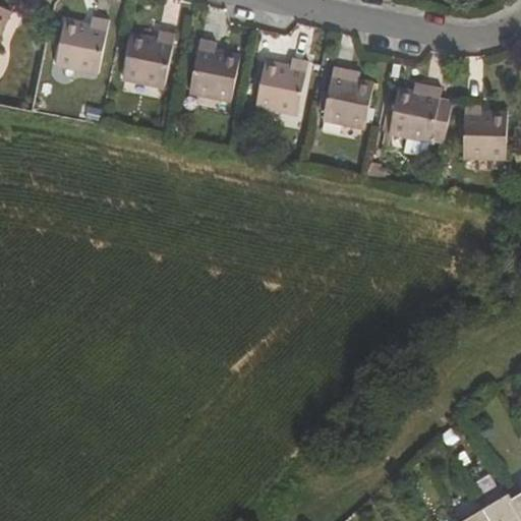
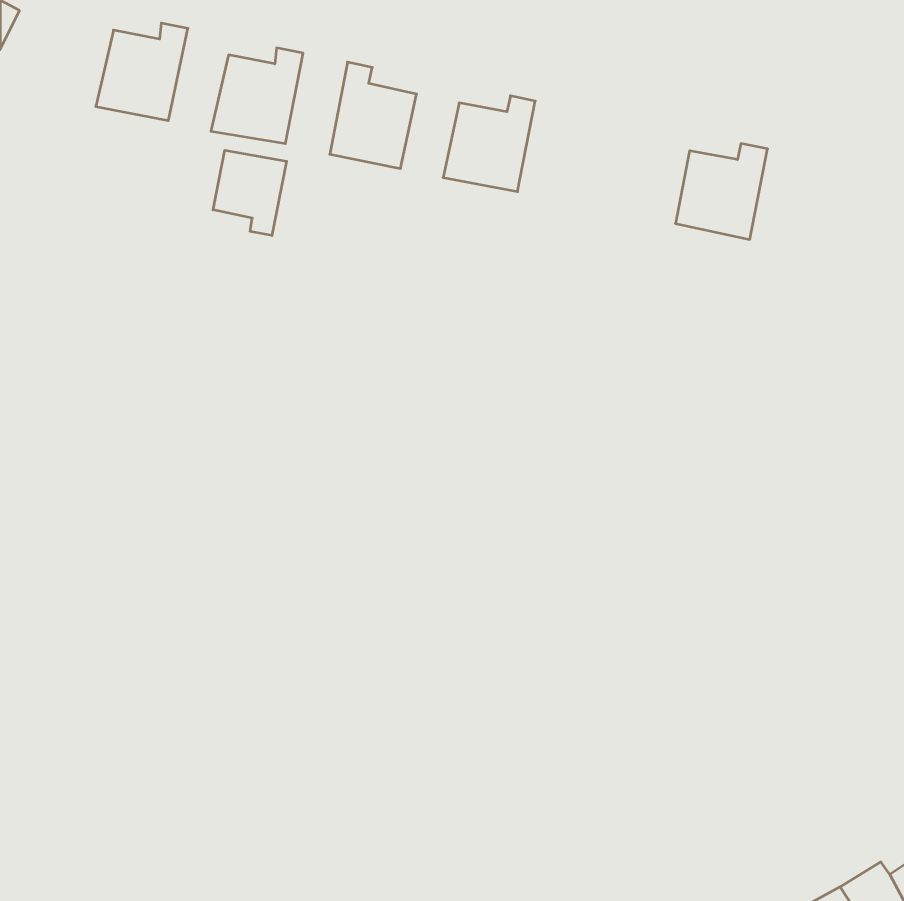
building: [322,66,372,126] -> none
building: none -> [213,150,287,236]
building: [463,105,505,159] -> none

